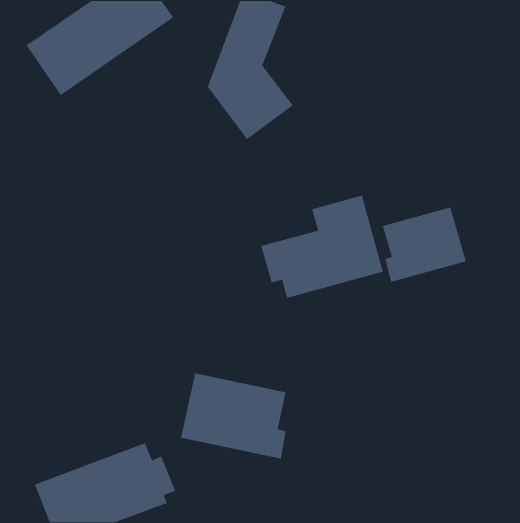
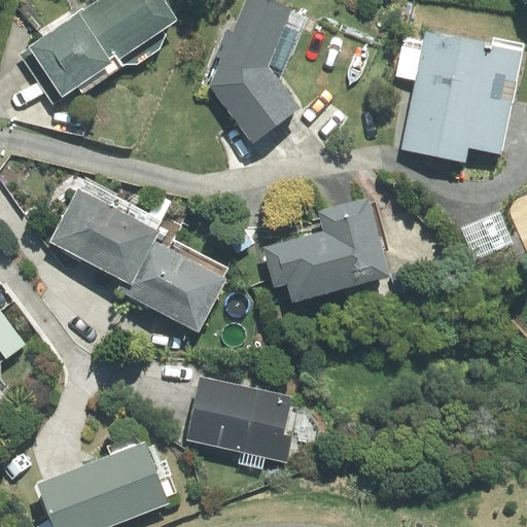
building: none -> [400,31,521,162]
building: none -> [50,187,226,330]
building: [382,206,467,283] -> none

